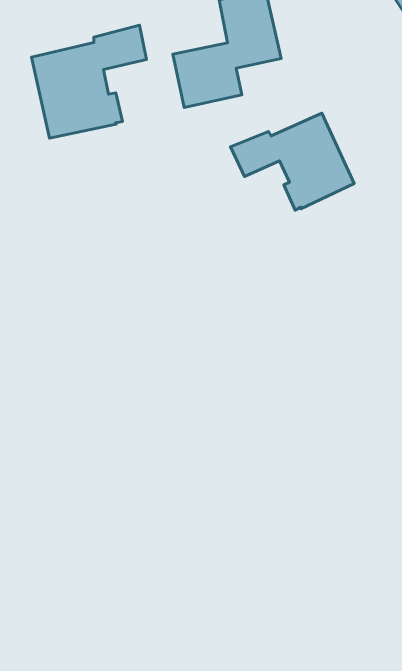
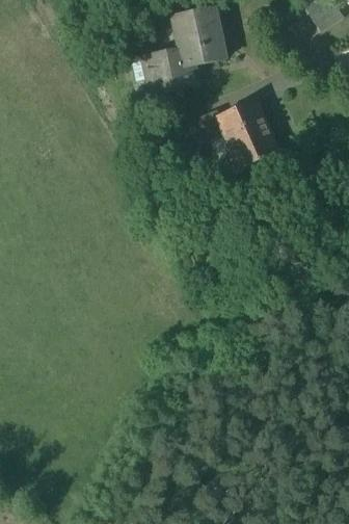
building: [32,25,147,138] -> none

